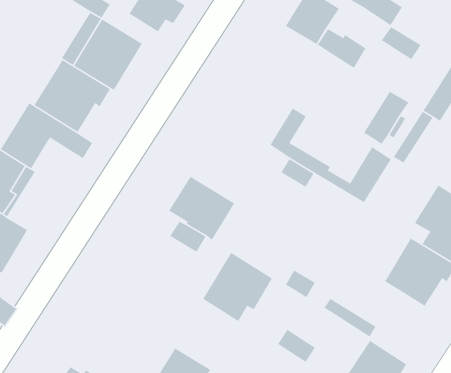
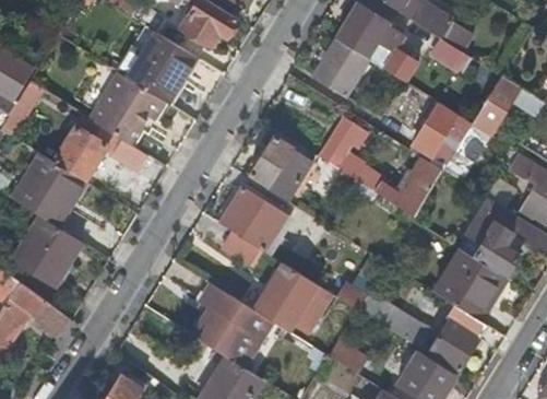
building: none -> [313,38,368,94]
building: none -> [249,134,316,203]
building: none -> [193,283,272,367]
building: none -> [428,304,488,372]

